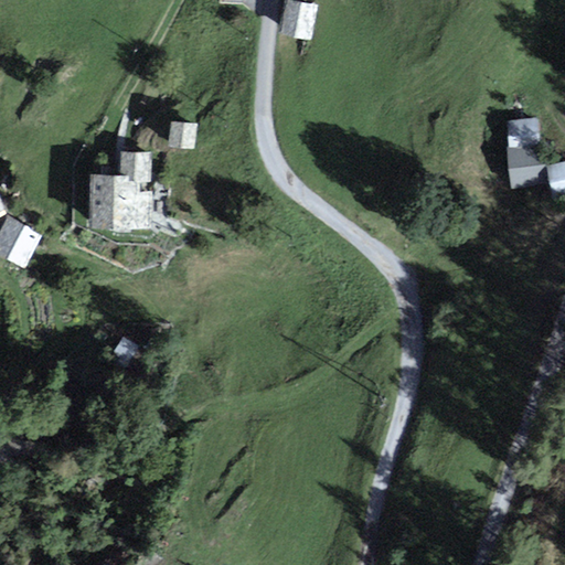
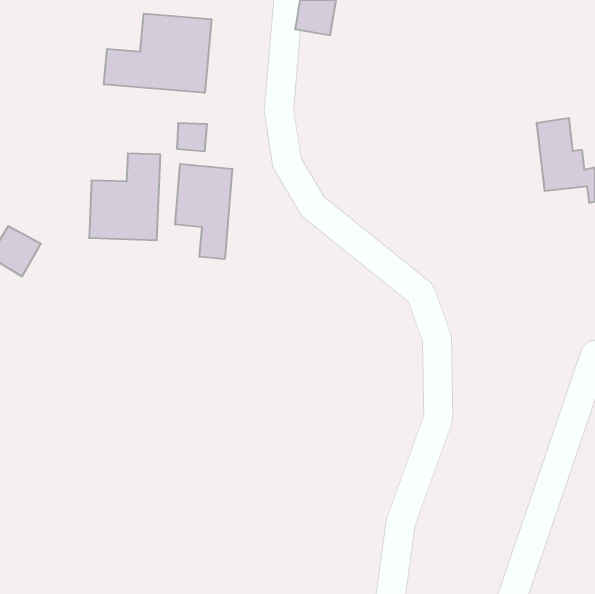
building: none -> [104,14,211,93]
building: none -> [175,164,232,259]

